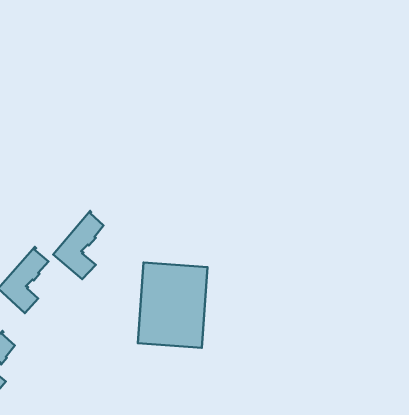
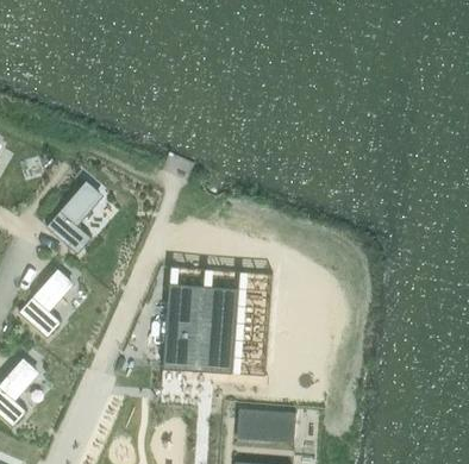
building: [53,211,104,279] -> [48,181,101,253]
building: none -> [237,409,296,441]

